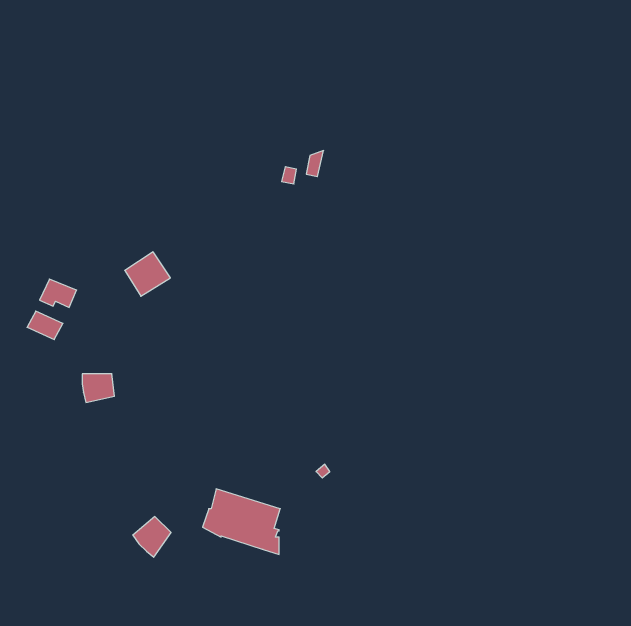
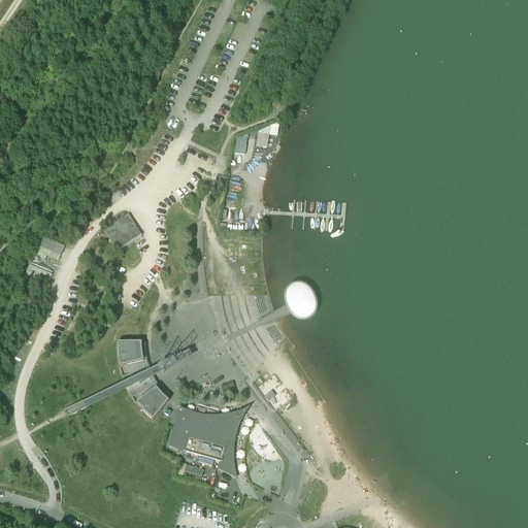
building: [82,374,114,402] -> [117,339,143,363]
building: [133,517,171,557] -> [136,384,168,418]

